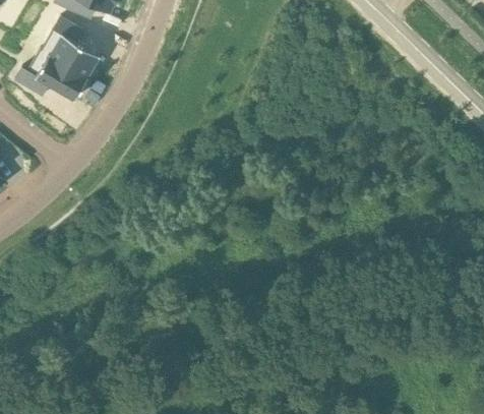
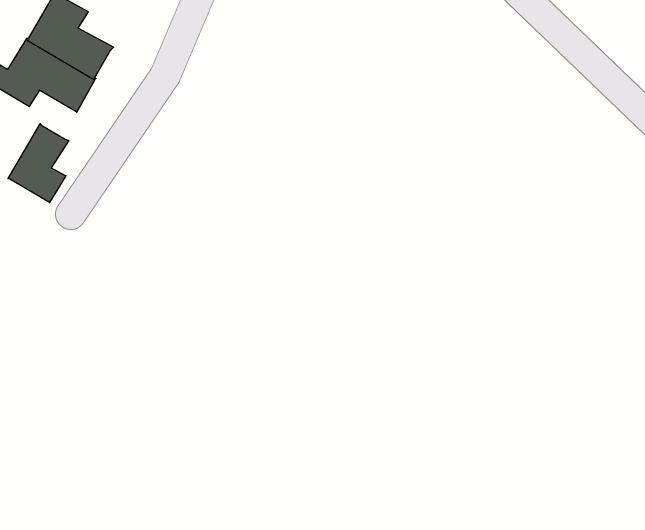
building: none -> [8,124,69,203]

